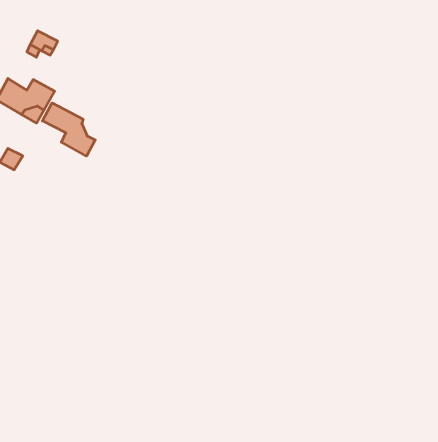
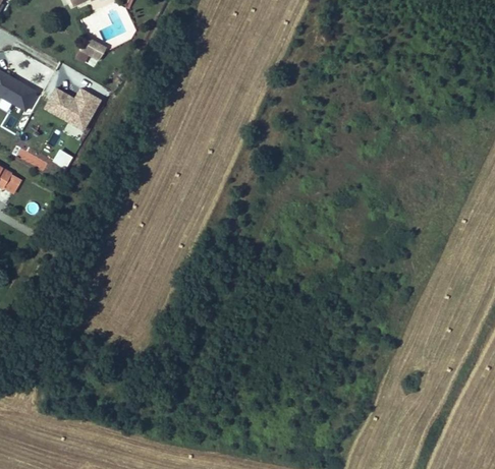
building: [42,103,95,156] -> none

